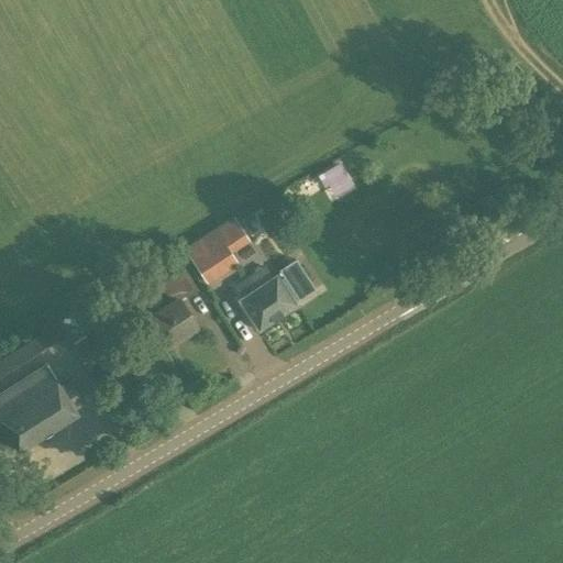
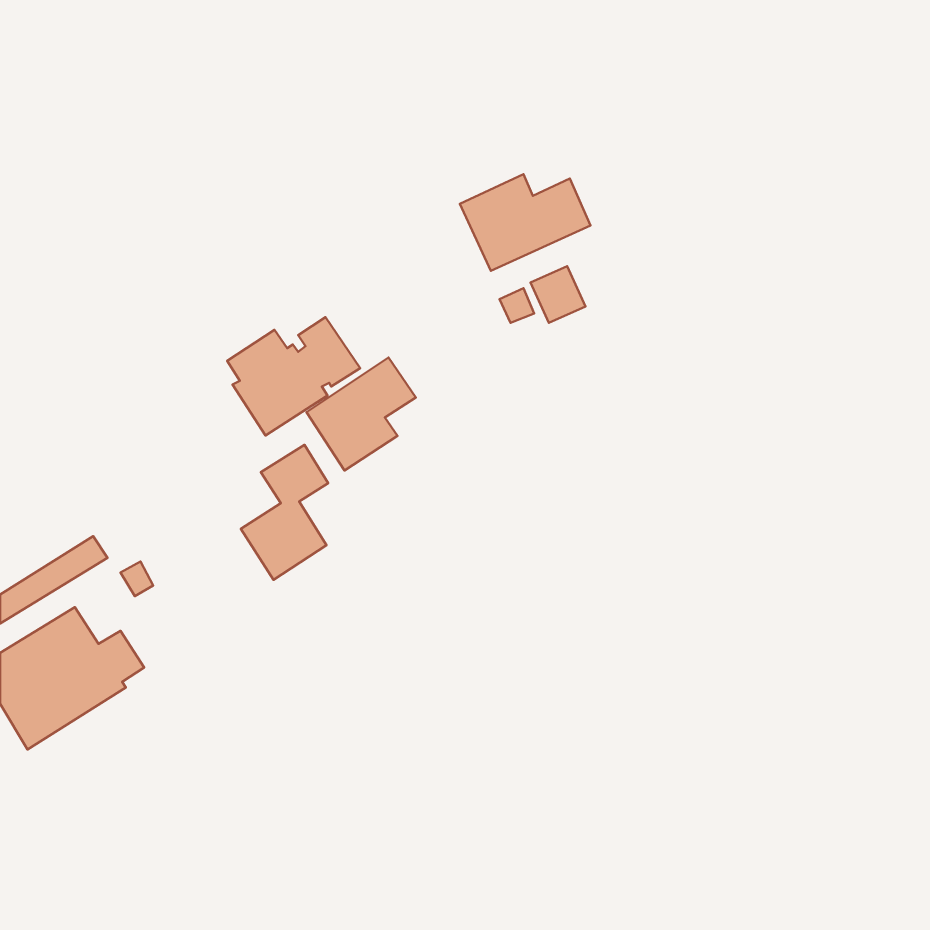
building: none -> [460,174,591,271]
building: [236,261,317,332] -> [227,317,360,436]

